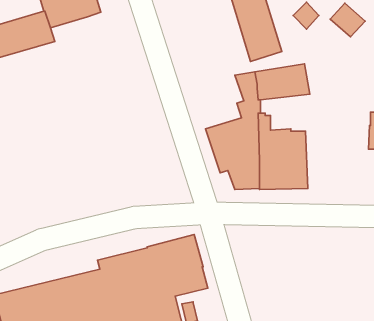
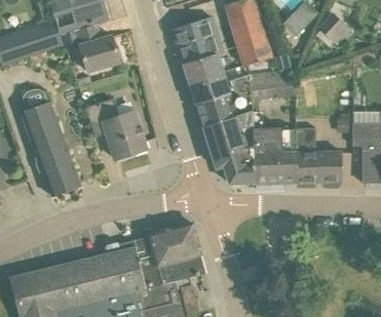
building: none -> [173,16,238,127]
building: none -> [62,25,122,72]
building: none -> [85,98,147,158]
building: none -> [22,101,81,196]
building: none -> [295,128,342,182]

